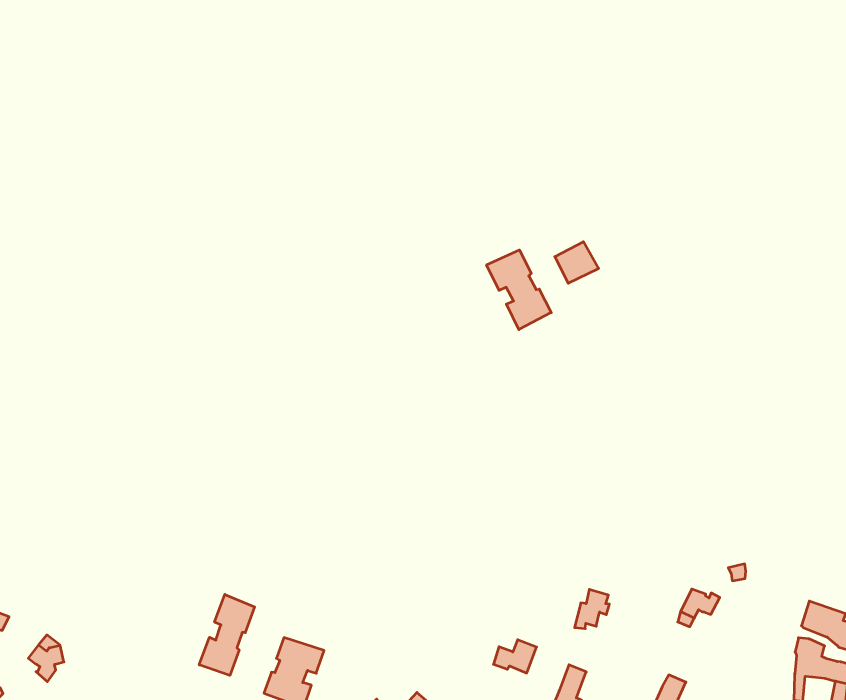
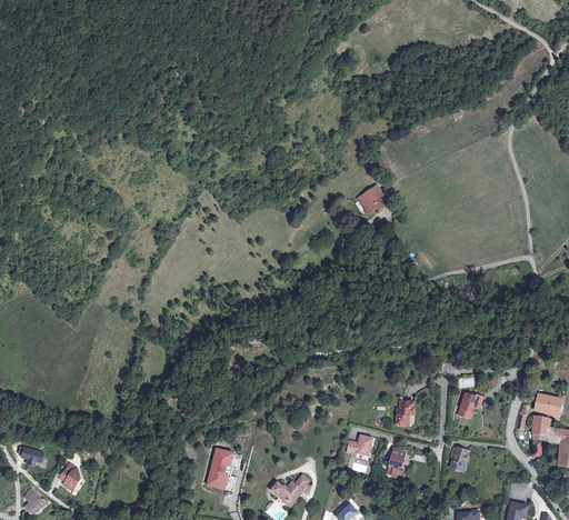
building: [487,250,551,330] -> none
building: [199,594,255,675] -> none

